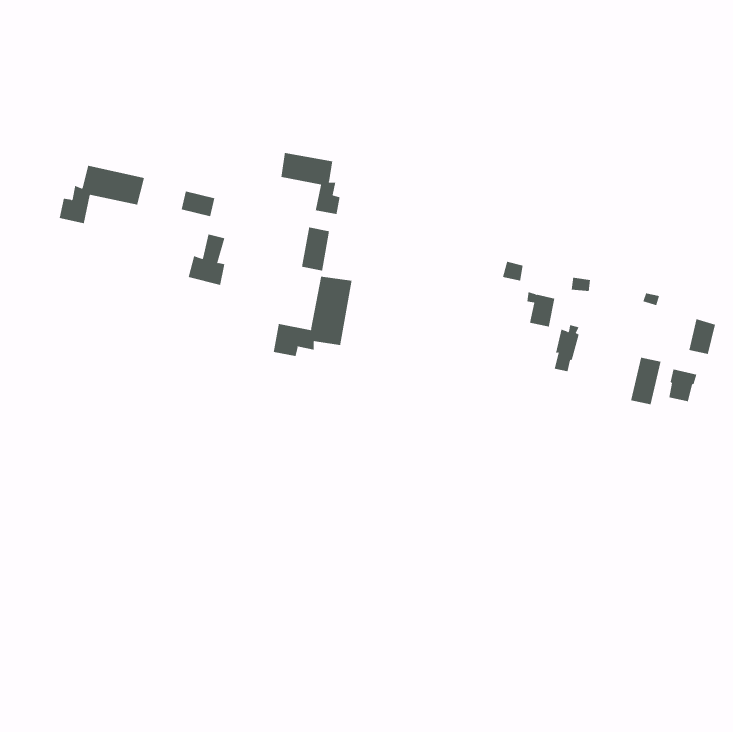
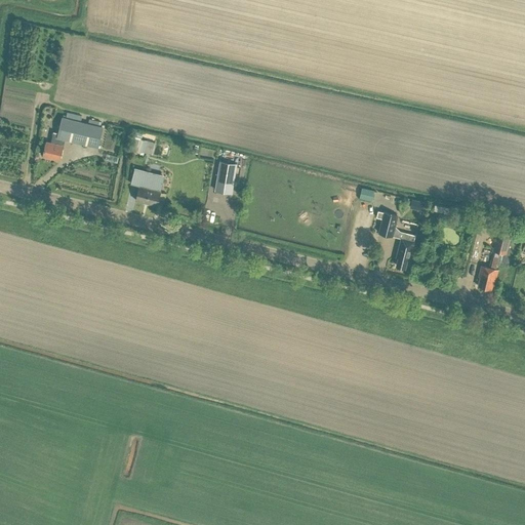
building: [281,152,340,215] -> none
building: [273,276,352,357] -> none
building: [630,357,661,405] -> none

